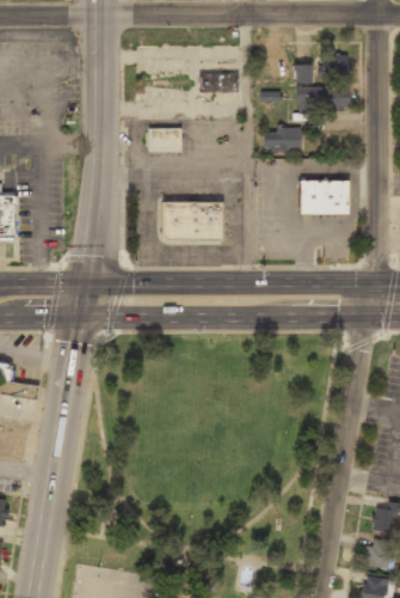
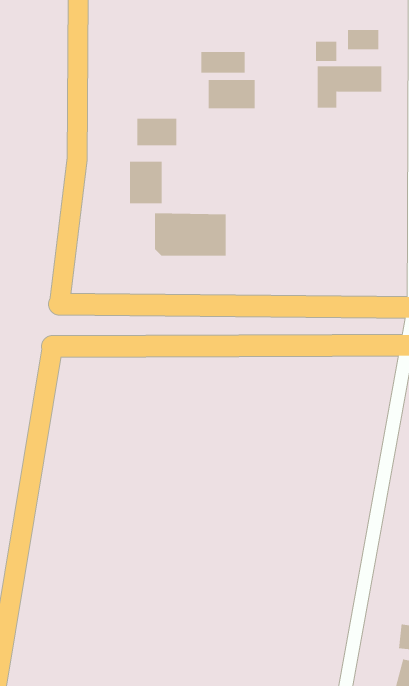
building: [263,128,302,152] -> [208,80,256,109]
building: none -> [129,161,162,204]
building: [299,181,349,214] -> none

